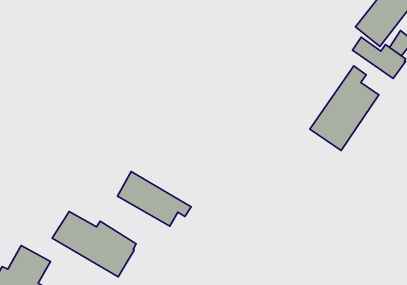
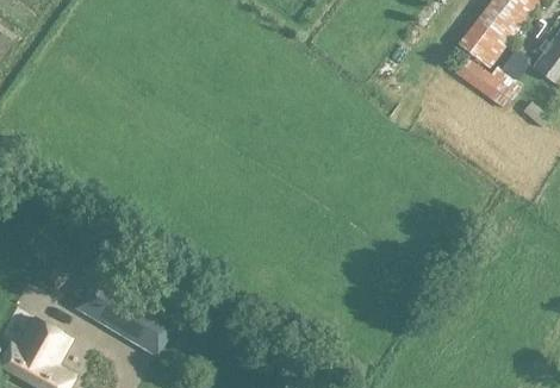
building: [310,66,379,150] -> none
building: [117,172,191,226] -> none

